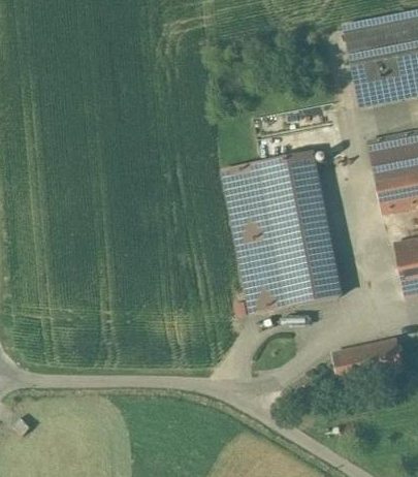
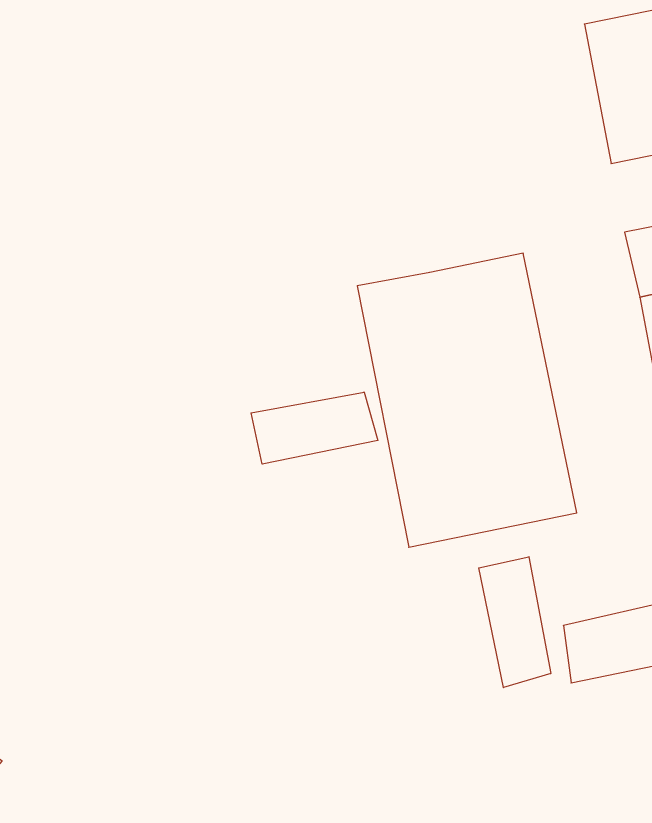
building: none -> [251,392,378,464]
building: none -> [479,557,551,688]

